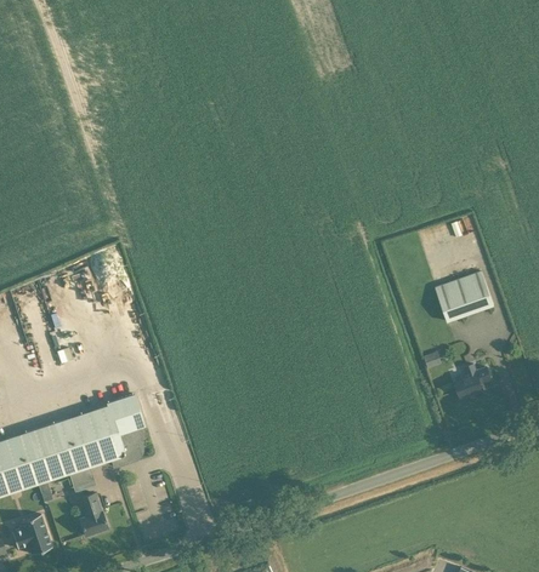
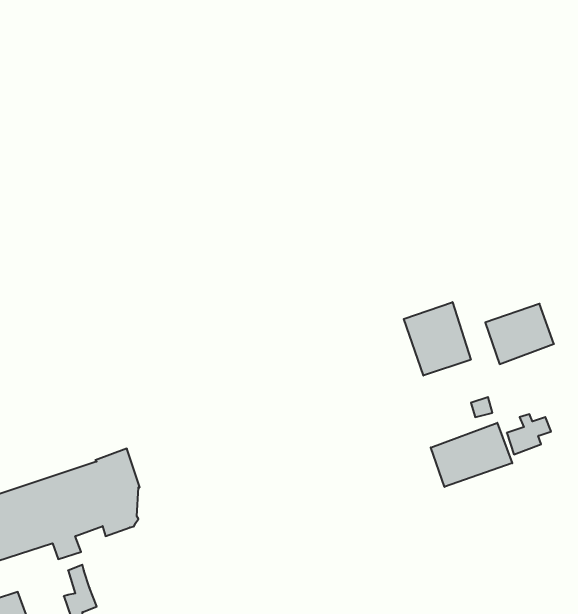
building: none -> [404,302,471,376]
building: none -> [431,423,512,487]

